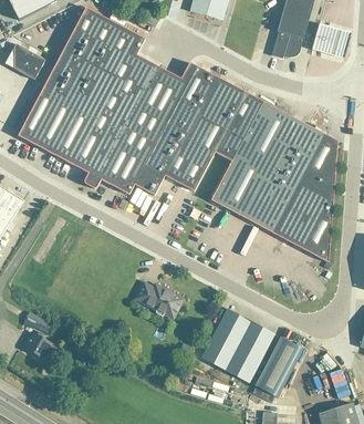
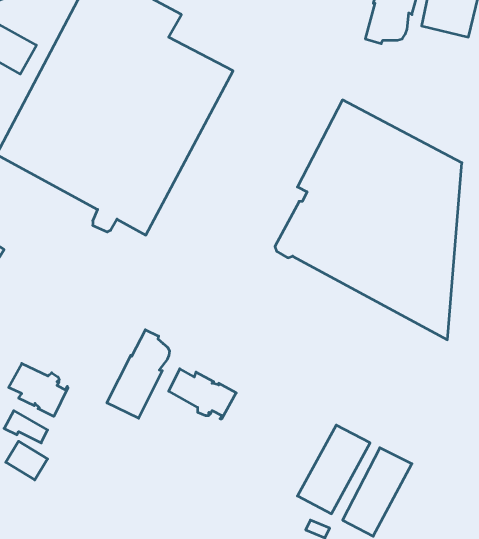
building: [121,62,256,196] -> none
building: none -> [107,330,170,418]
building: none -> [9,363,68,416]
building: [201,309,251,370] -> none

